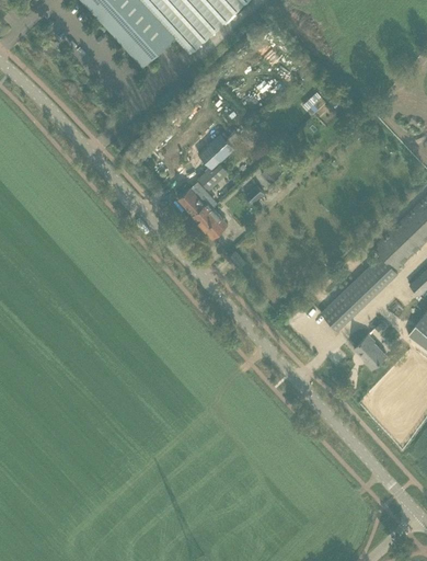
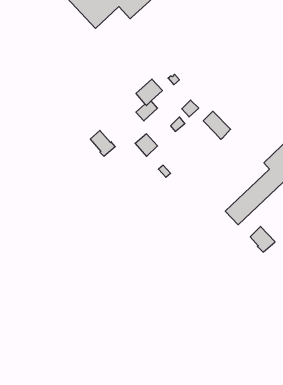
building: none -> [203,111,231,139]
building: [178,185,212,220] -> [90,130,115,156]

